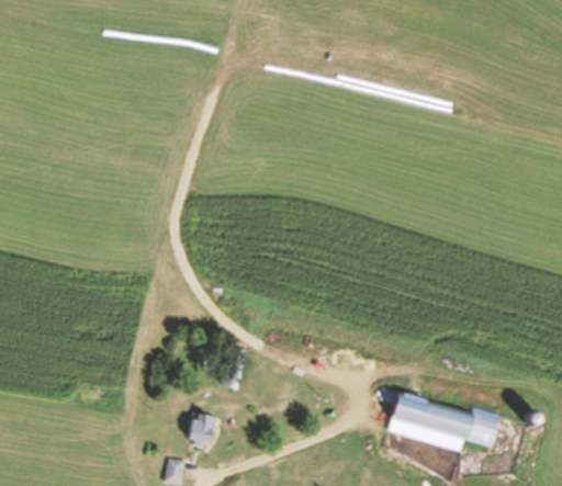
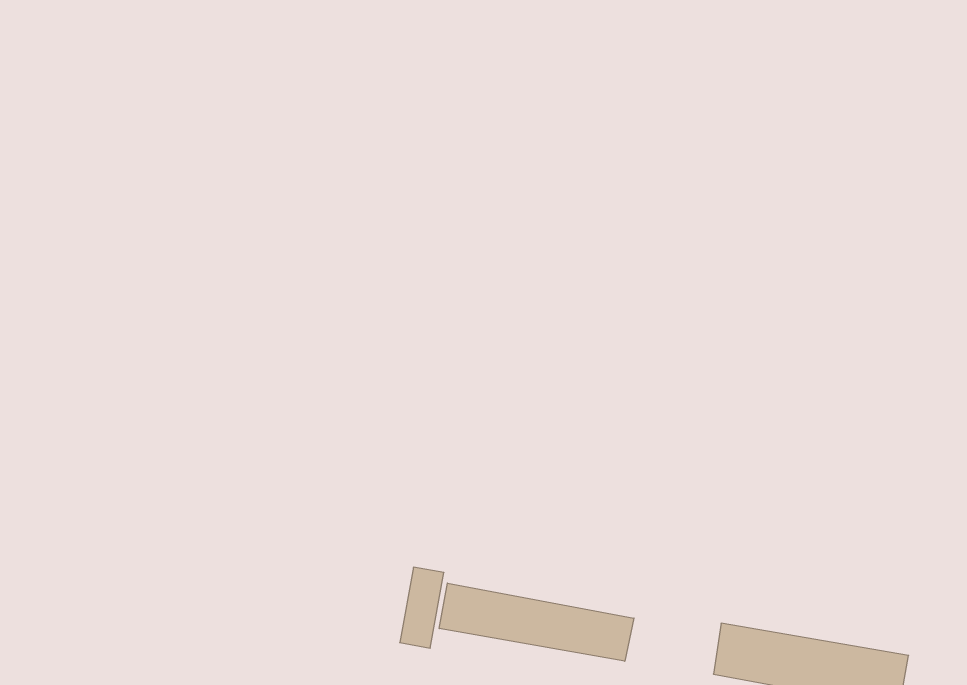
building: none -> [439,583,634,661]

